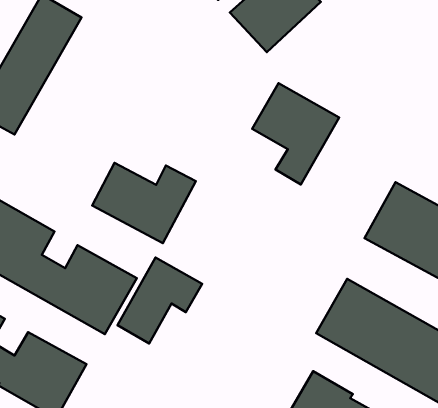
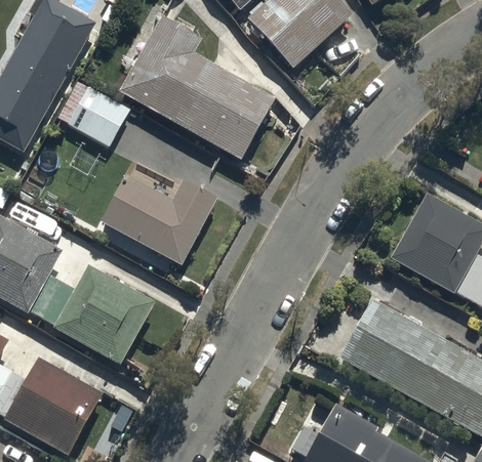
building: none -> [122,17,272,156]
building: none -> [73,91,127,144]
building: [252,83,339,185] -> none
building: [117,258,202,343] -> none

